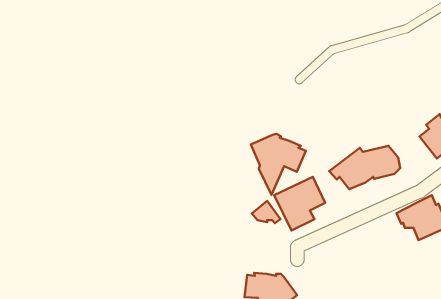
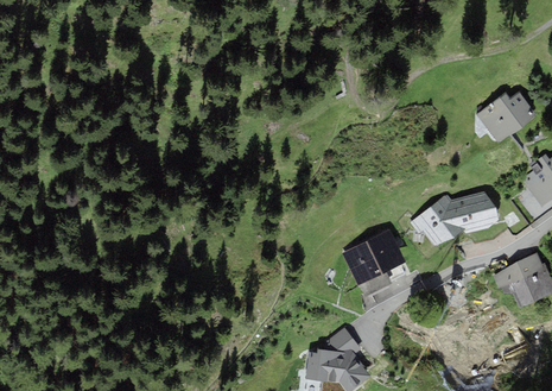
building: none -> [477,92,535,141]
building: [251,134,306,195] -> none
building: [252,201,281,223] -> [325,326,361,353]

